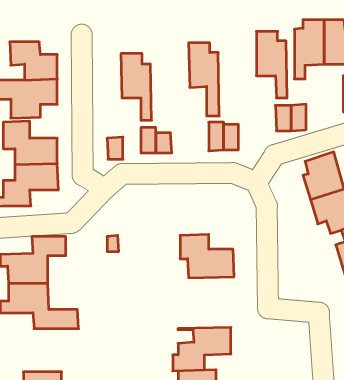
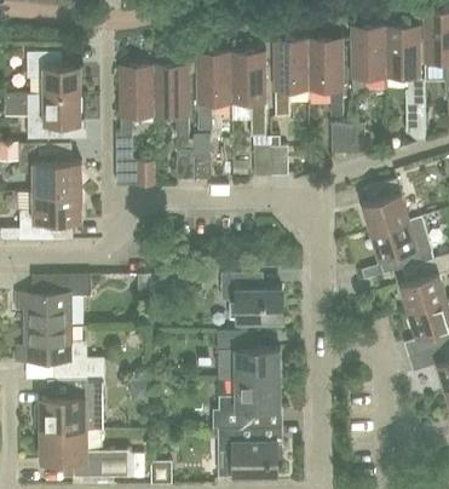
building: none -> [274,40,307,116]
building: none -> [192,53,231,146]
building: none -> [115,65,154,157]
building: none -> [218,332,278,380]
building: none -> [41,380,102,430]

